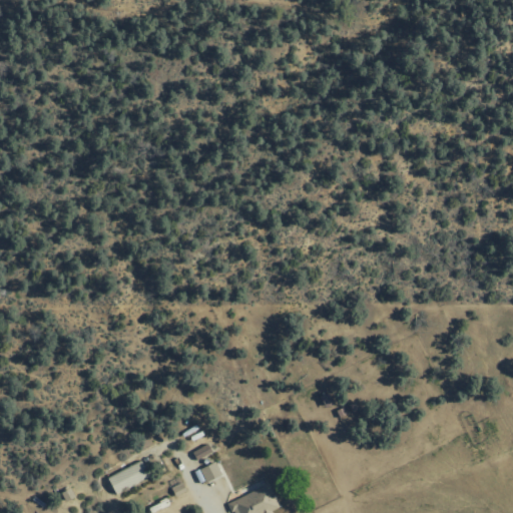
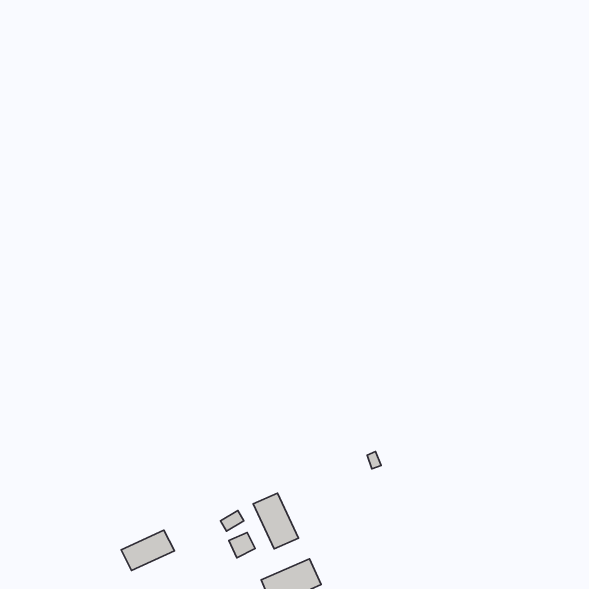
building: none -> [253,493,299,549]

